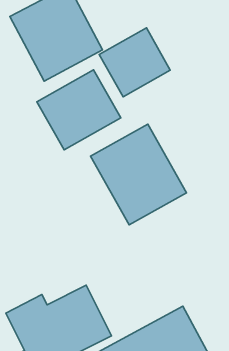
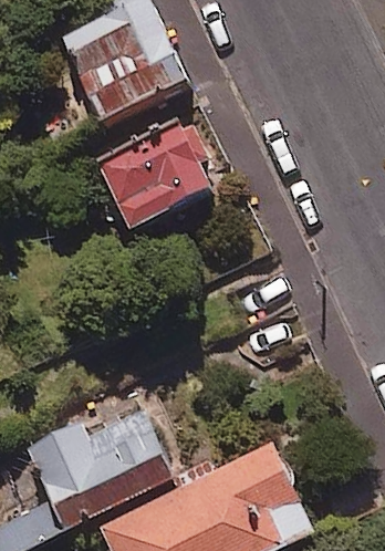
building: [99,28,170,97] -> none
building: [90,124,187,225] -> none

